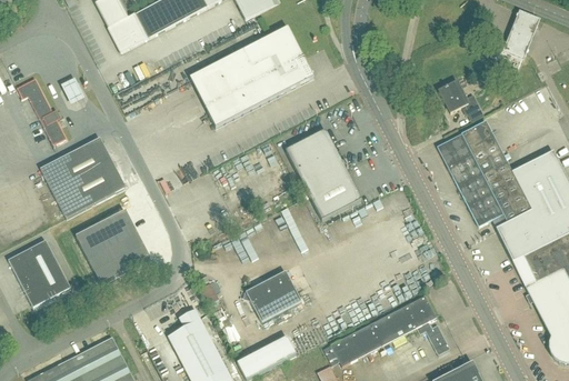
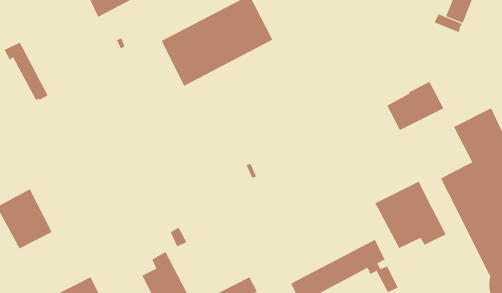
building: [439,81,479,113] -> none
building: [284,129,360,219] -> none
building: [40,137,126,217] -> none
building: [451,151,530,225] -> [375,181,446,249]
building: [74,210,149,283] -> none
building: [246,270,301,321] -> none

